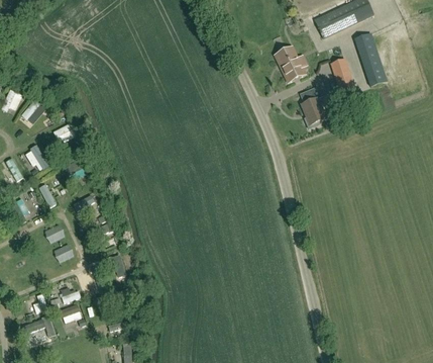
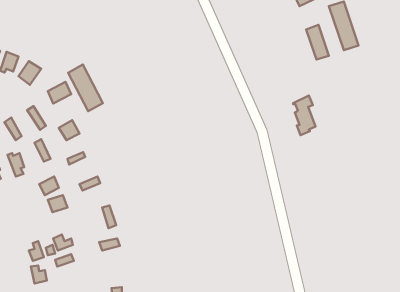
building: [276,47,305,82] -> none
building: [301,86,325,128] -> [293,96,316,135]
building: none -> [68,65,103,111]

